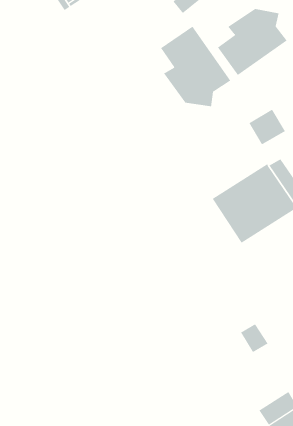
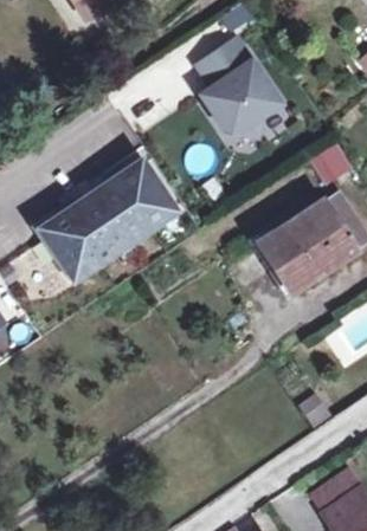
building: [217,8,287,76] -> none
building: none -> [45,162,175,278]

